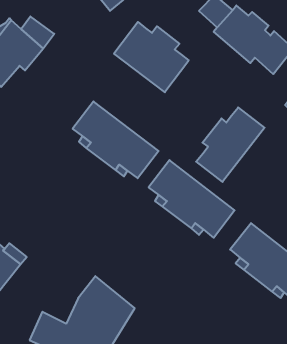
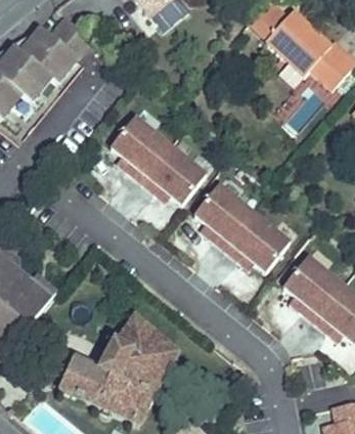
building: [114,22,189,92] -> none
building: [196,107,265,182] -> none

